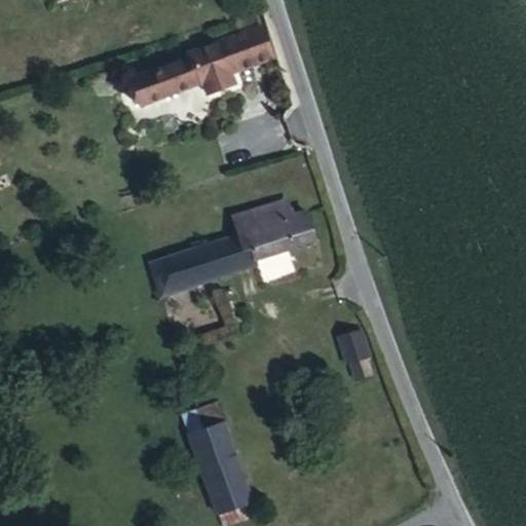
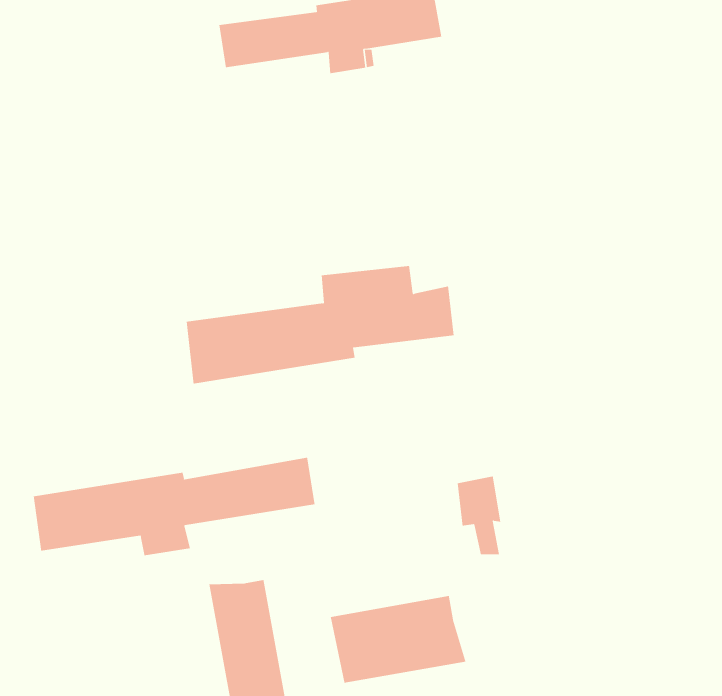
building: none -> [33,457,315,556]
building: none -> [330,595,466,684]

